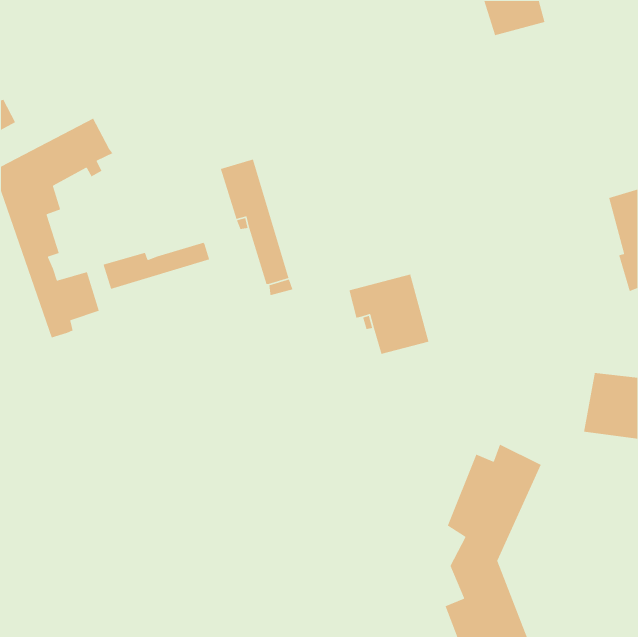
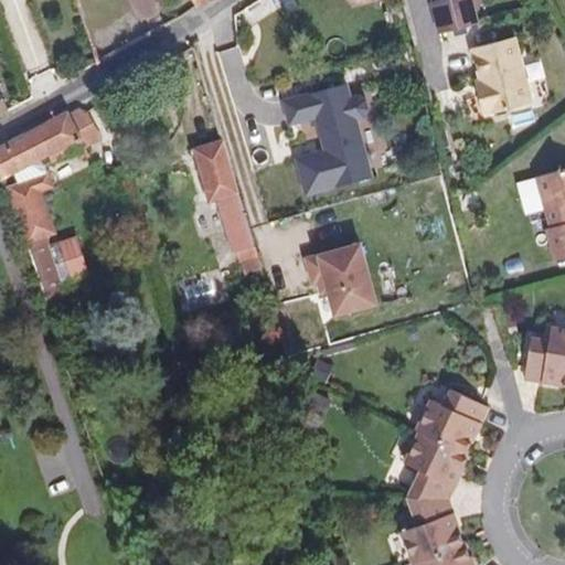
building: none -> [473,34,539,113]
building: none -> [286,83,374,194]
building: [102,242,210,290] -> none

